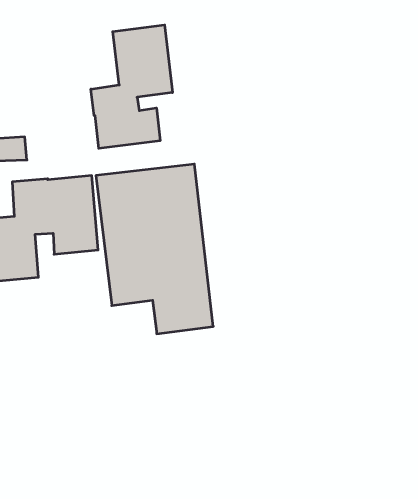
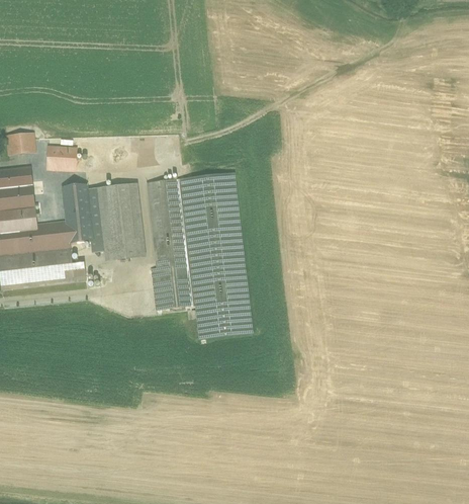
building: [91,25,172,148] -> none

